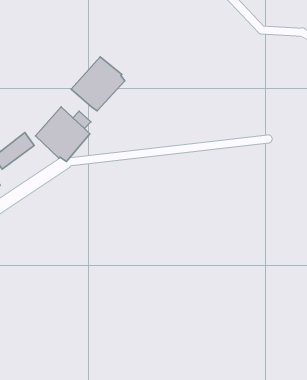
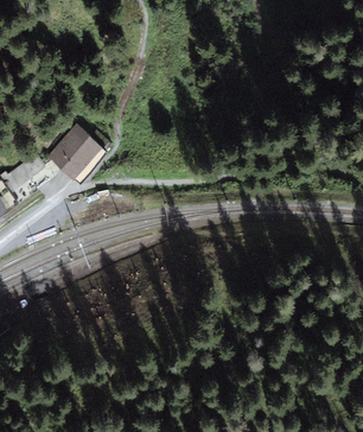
building: [71,57,125,111] -> none

